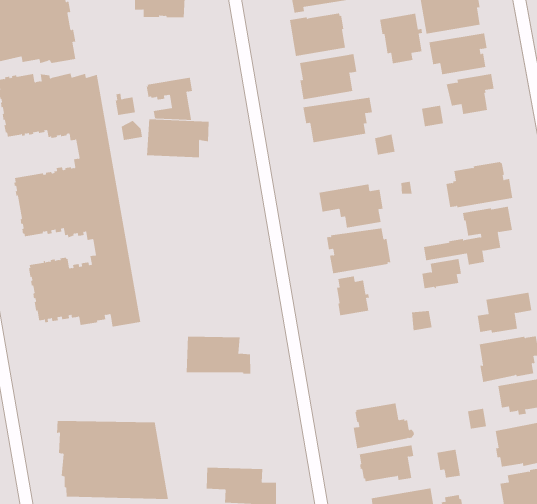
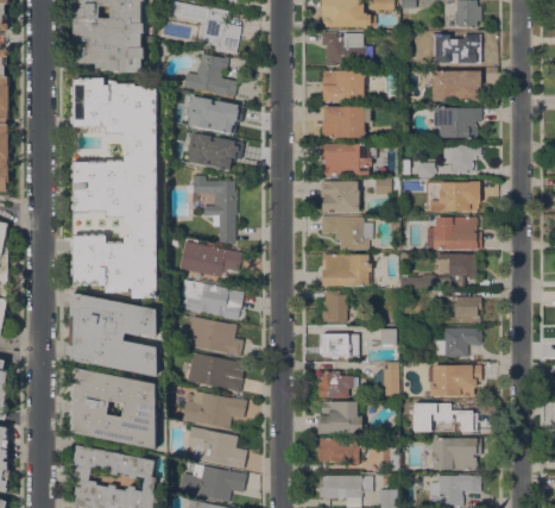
building: [380,13,423,64] -> none
building: none -> [183,54,236,96]
building: none -> [434,181,479,212]
building: none -> [320,181,359,212]
building: none -> [193,176,235,242]
building: none -> [179,242,241,277]
building: [421,258,462,289] -> [447,296,480,318]
building: none -> [179,280,244,320]
building: none -> [321,333,348,358]
building: none -> [70,294,157,377]
building: none -> [381,363,398,396]
building: none -> [317,371,352,399]
building: none -> [187,352,244,393]
building: none -> [181,390,246,428]

